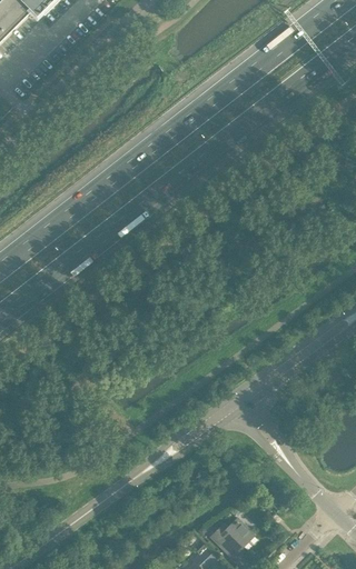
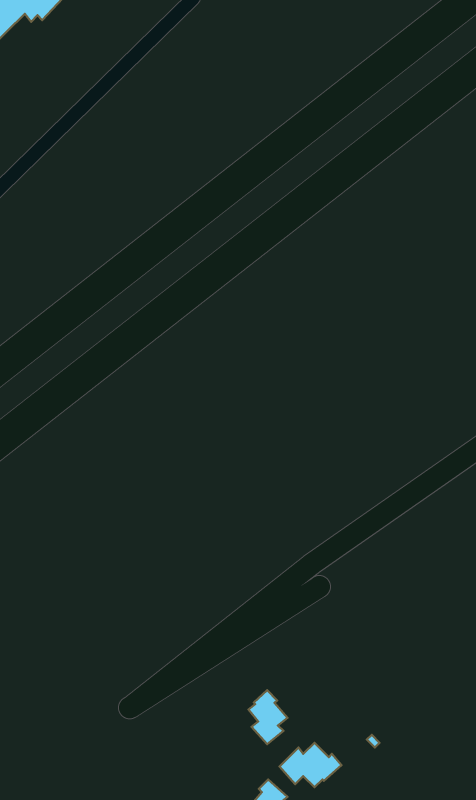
building: none -> [248,690,287,744]

